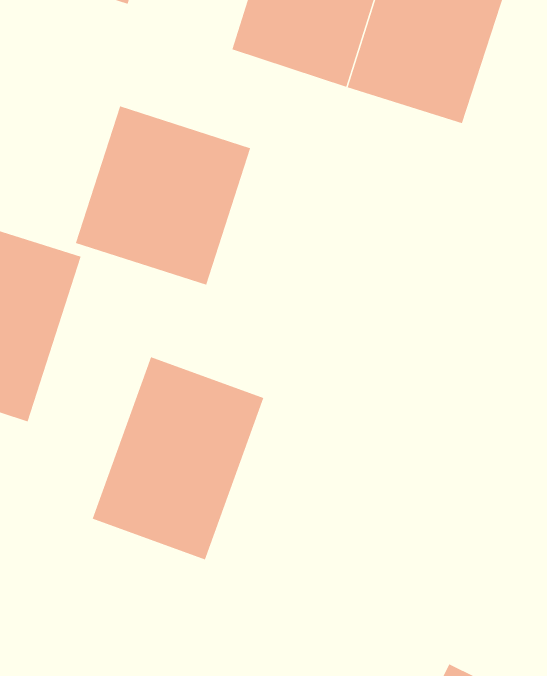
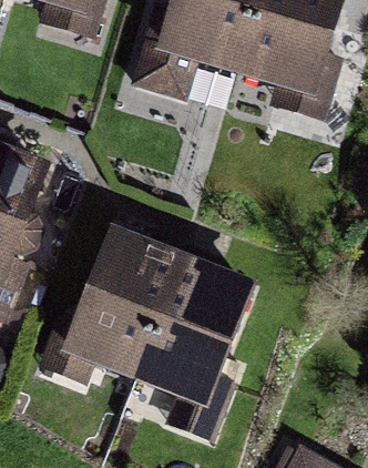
building: [75,106,251,286] -> none
building: none -> [134,271,245,401]

